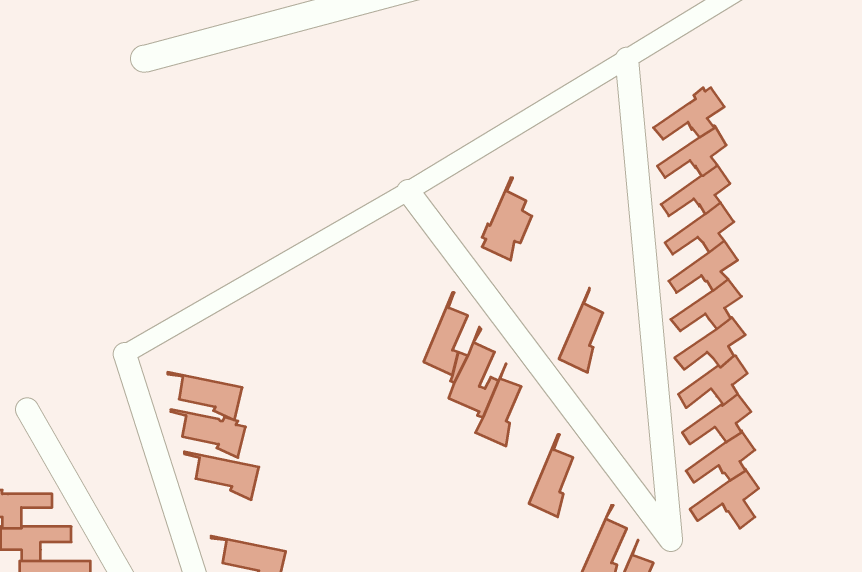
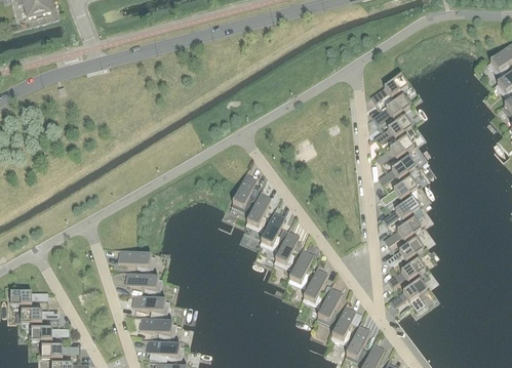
building: [482,178,532,260] -> [233,166,260,210]
building: [559,288,603,372] -> [289,241,313,286]
building: [168,372,242,420] -> [126,292,166,318]
building: none -> [318,279,342,323]

